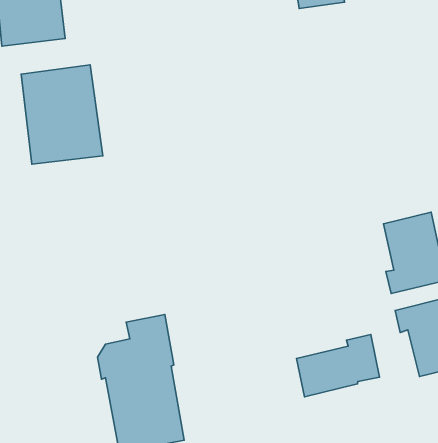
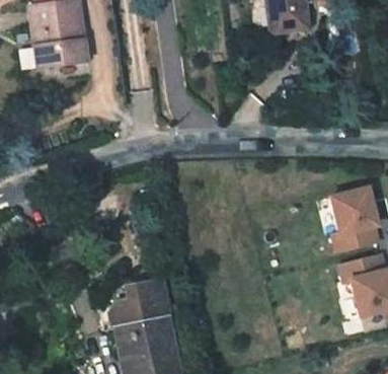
building: [21,65,103,164] -> none
building: [296,334,380,397] -> none

